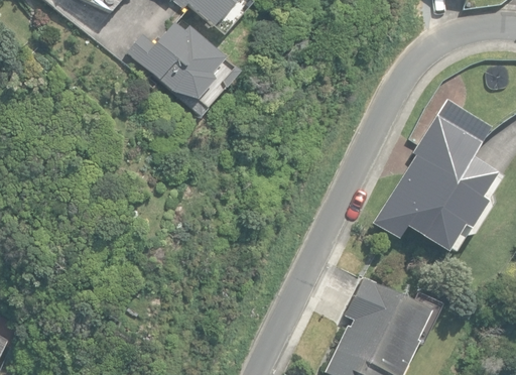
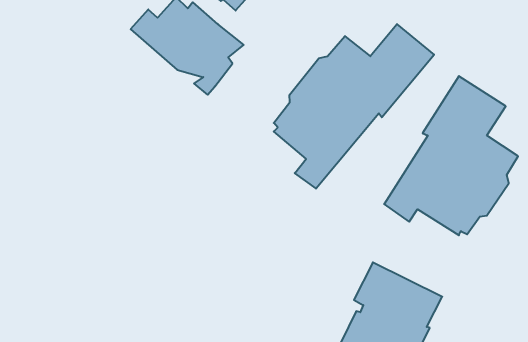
building: none -> [274,24,434,189]

